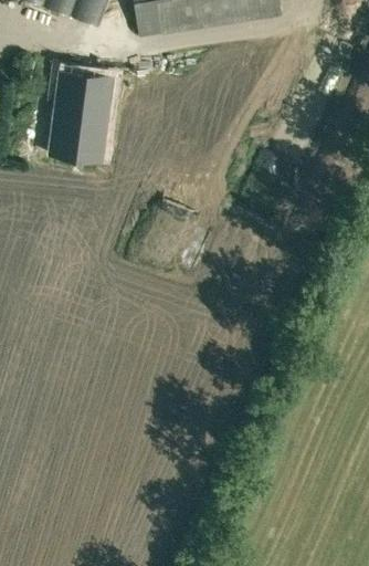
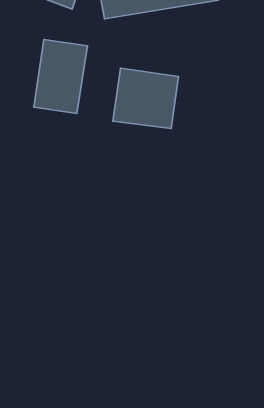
building: none -> [113,68,178,128]

